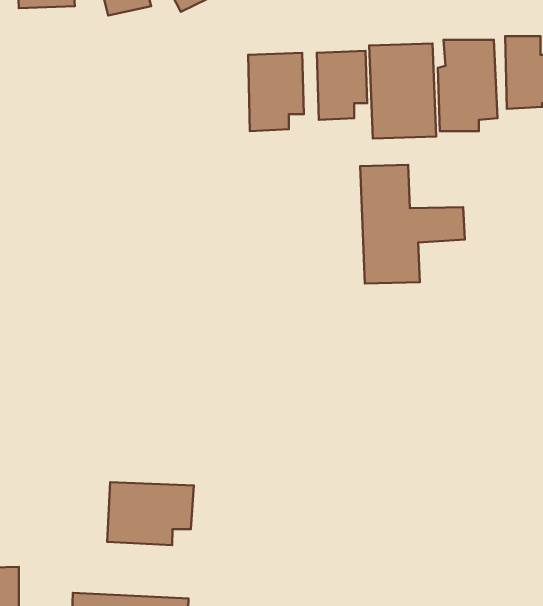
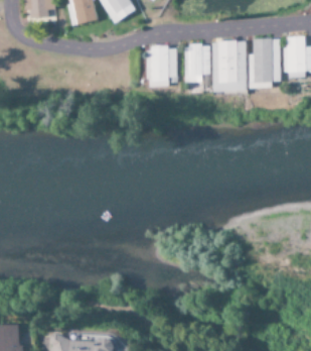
building: [360,165,465,283] -> none
building: [107,482,194,545] -> none

